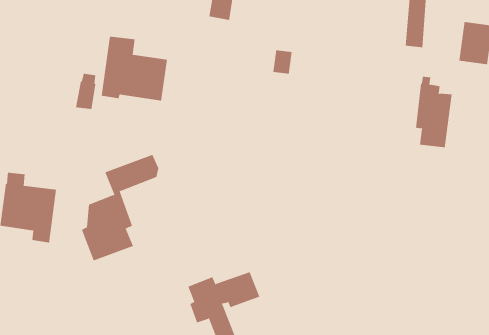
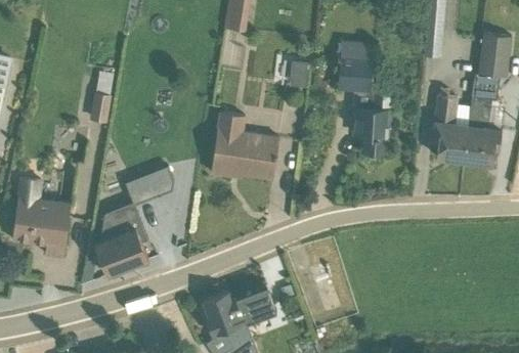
building: none -> [337,41,392,155]
building: [101,36,168,101] -> [211,113,278,178]
building: none -> [464,74,503,165]

